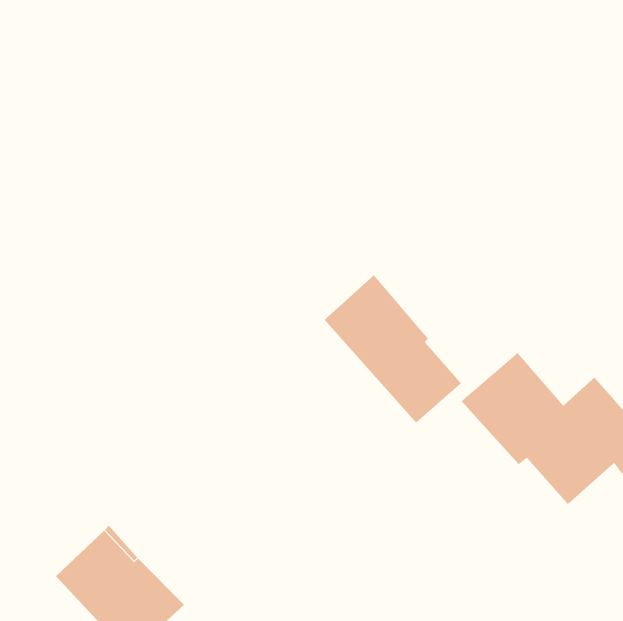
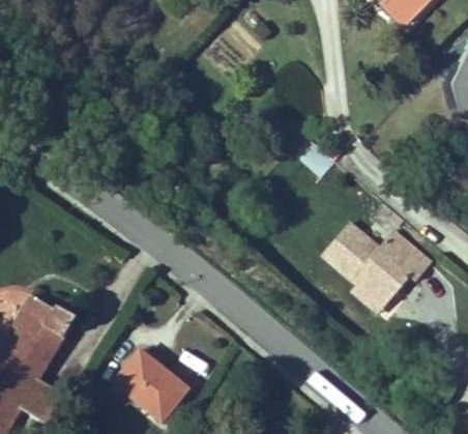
building: [324,275,462,423] -> none

